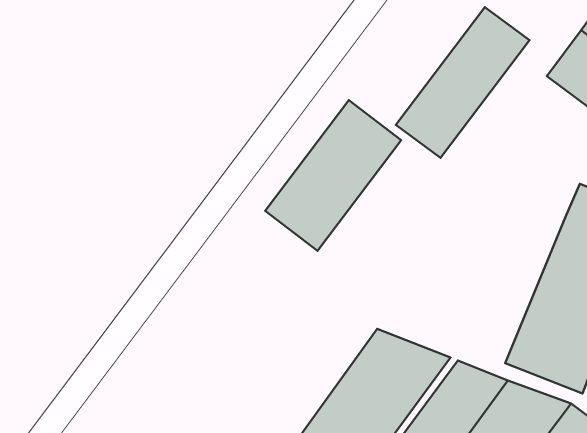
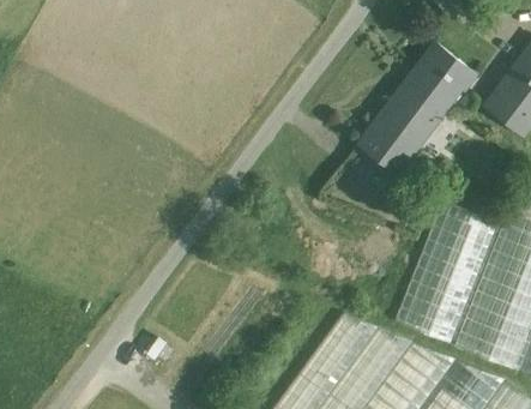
building: [265,100,401,251] -> none
building: none -> [396,199,501,345]

